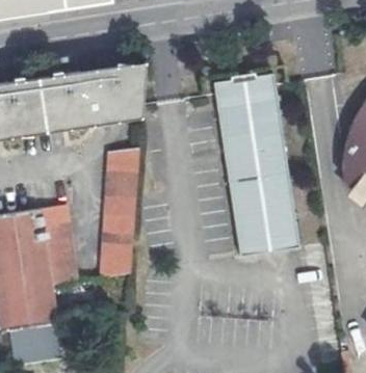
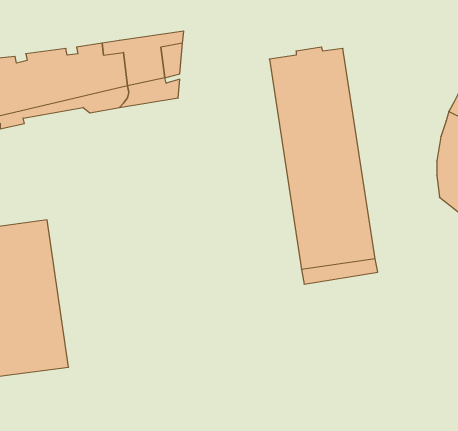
building: [101,148,138,277] -> none
building: [40,205,76,285] -> none
building: [8,322,60,361] -> none

